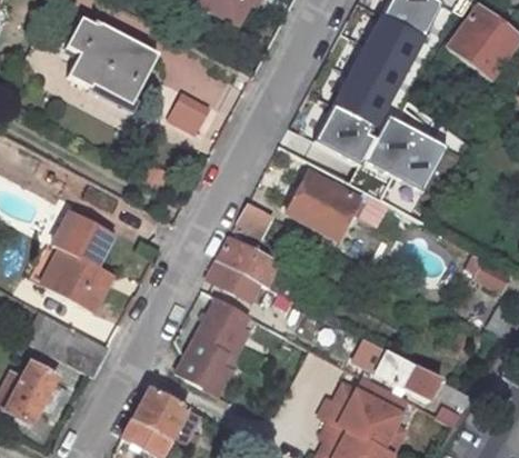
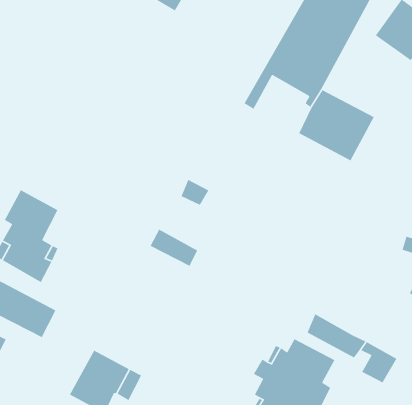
building: [63,20,156,104] -> none
building: [170,91,214,135] -> none
building: [320,94,381,157] -> none
building: [286,172,367,239] -> none
building: [218,239,278,287] -> none
building: [176,297,243,396] -> none

